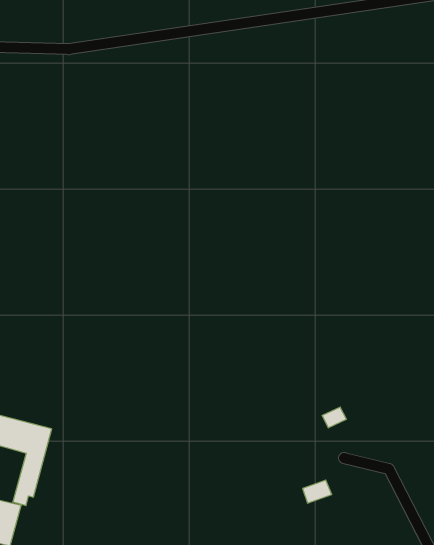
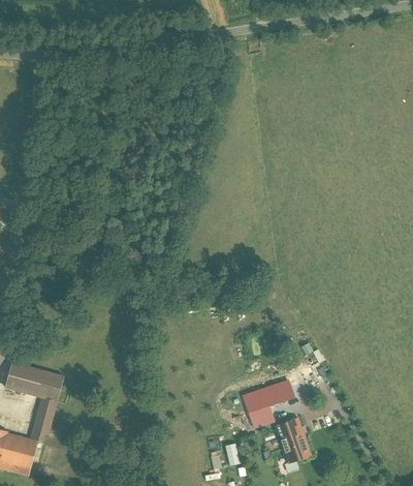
building: none -> [248,384,293,425]
building: none -> [281,430,310,460]

